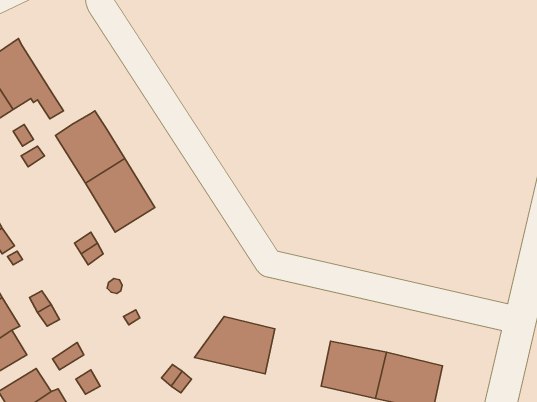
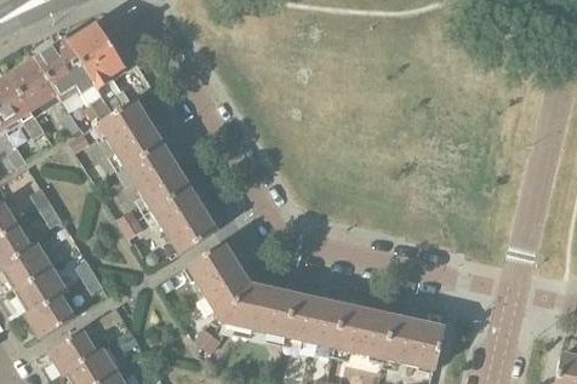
building: none -> [69,24,131,114]
building: none -> [153,188,216,254]
building: none -> [188,245,250,321]
building: none -> [286,296,344,346]

